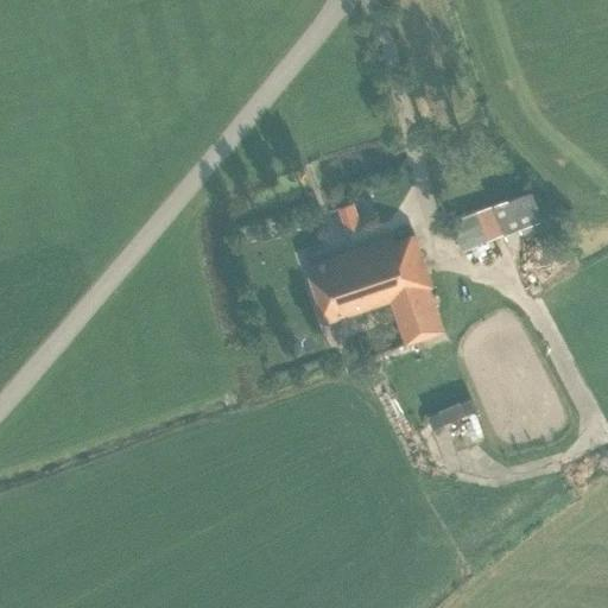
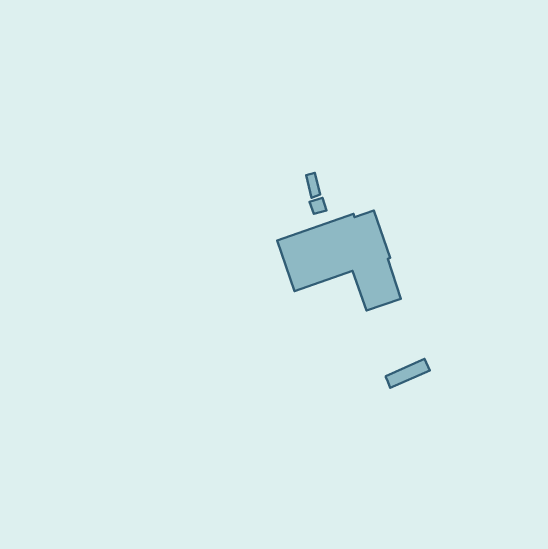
building: [449,192,540,252] -> none

